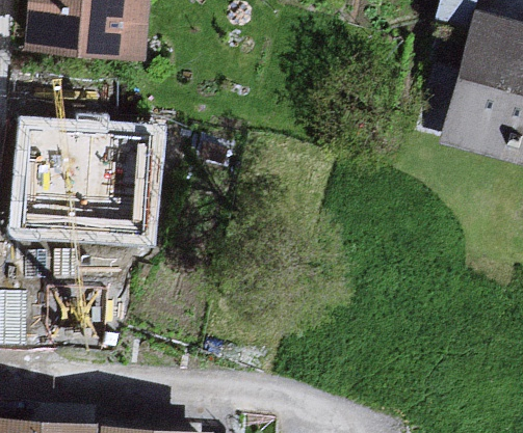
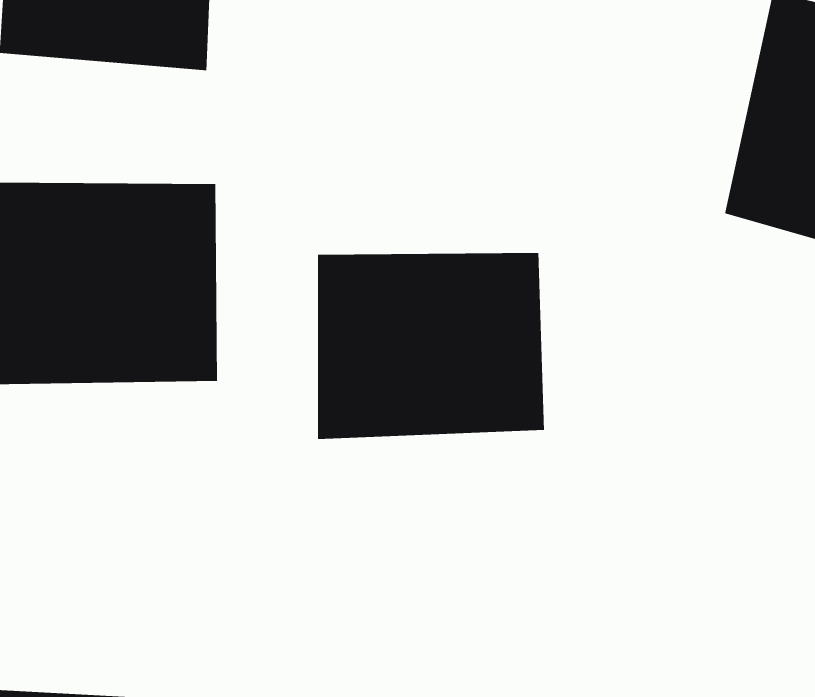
building: none -> [317,252,545,440]

